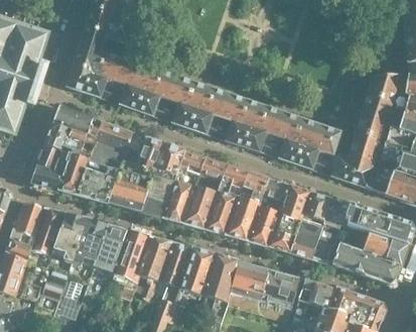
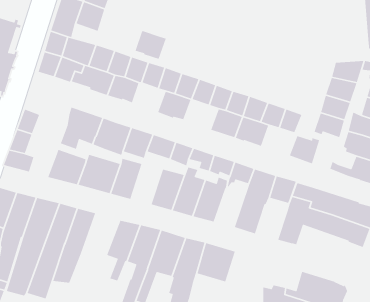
building: [163,96,196,126] -> [135,30,167,60]
building: [52,105,98,137] -> none
building: [216,113,251,144] -> none
building: [295,139,331,171] -> none
building: [346,146,376,185] -> none
building: [57,151,88,193] -> none
building: [161,179,193,221] -> none
building: [247,196,282,244] -> none
building: [289,221,321,257] -> none
building: [111,229,150,298] -> none
building: [331,242,400,283] -> none
building: [259,268,299,309] -> none
building: [296,279,336,309] -> none

